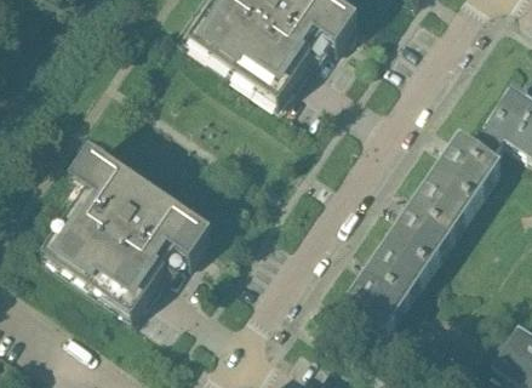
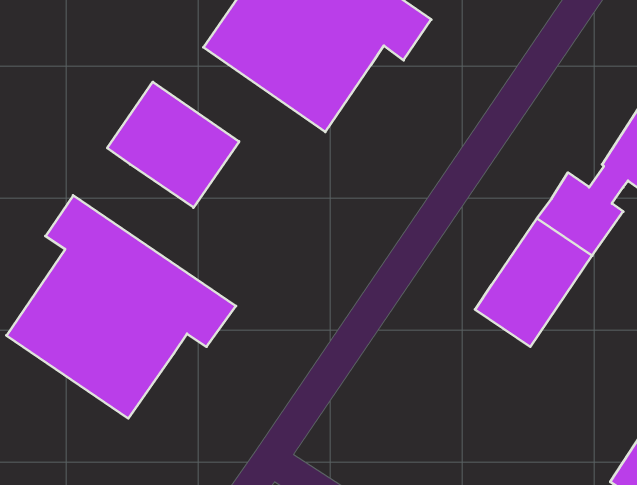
building: none -> [107,82,239,208]
building: [344,234,431,330] -> none

